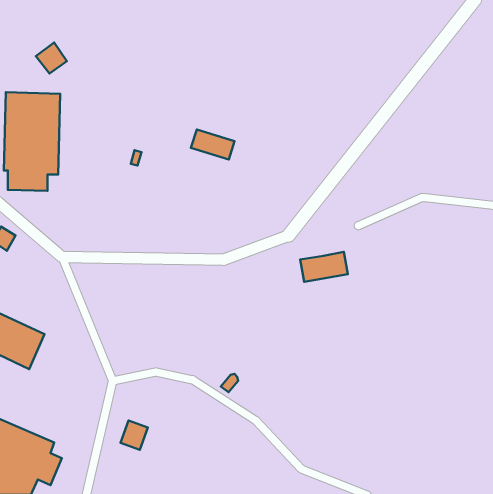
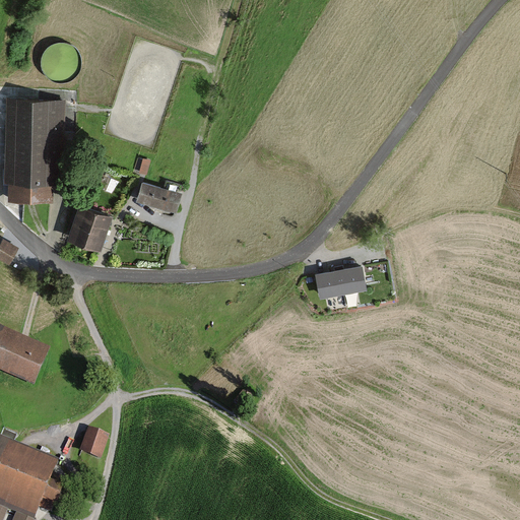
building: [191,129,235,159] -> [134,180,180,211]
building: none -> [64,204,110,250]
building: [121,421,148,450] -> [77,430,106,460]

